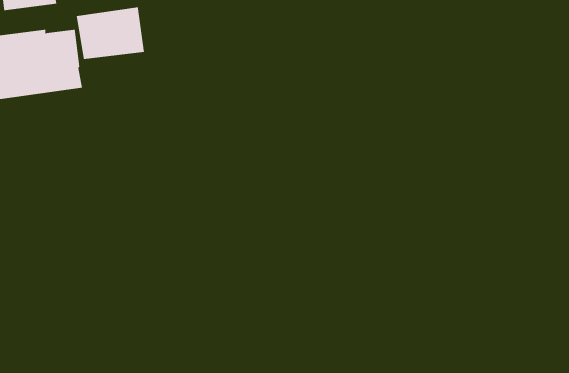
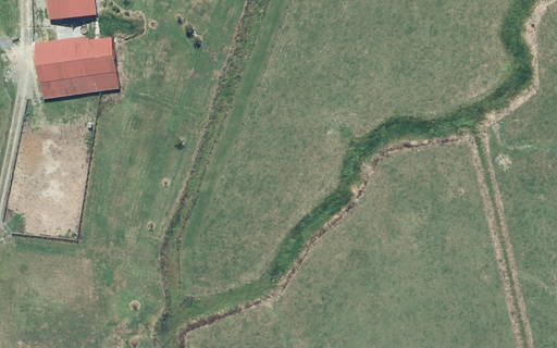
building: [76,6,144,60] -> none

